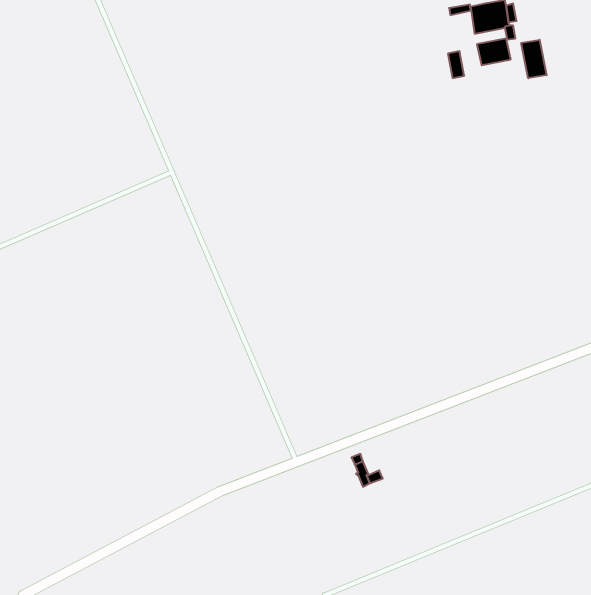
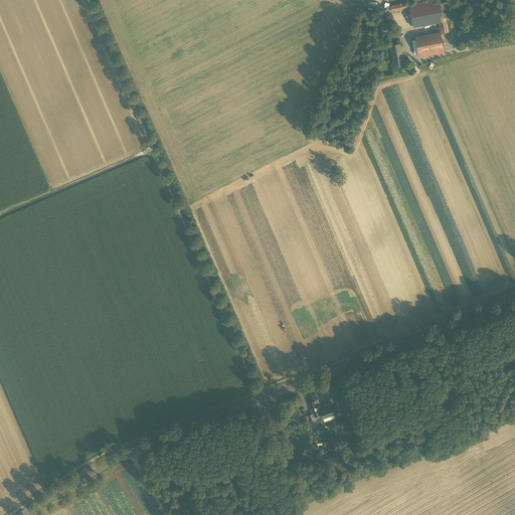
building: [521,40,547,78] -> none

